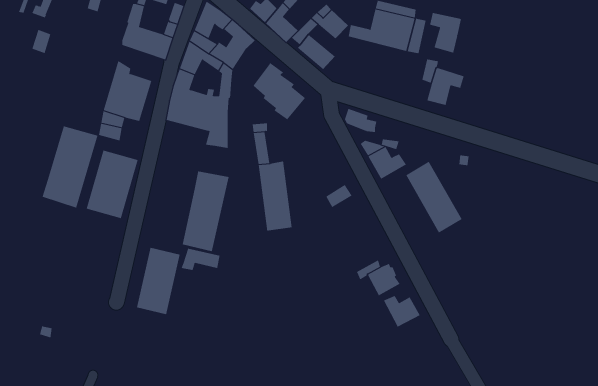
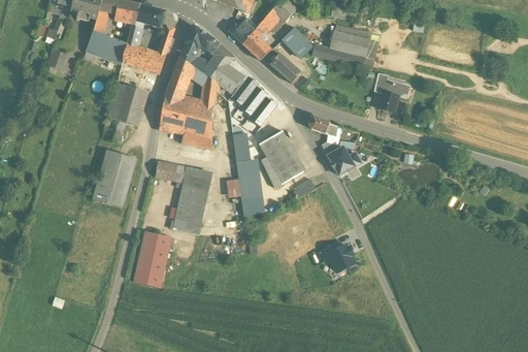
building: none -> [85,31,127,64]
building: [430,12,461,53] -> none
building: none -> [216,65,245,94]
building: [42,125,98,208] -> none
building: none -> [259,130,305,184]
building: [405,161,462,234] -> none
building: none -> [155,161,186,183]
building: [181,248,220,271] -> none
building: [383,295,421,328] -> none

